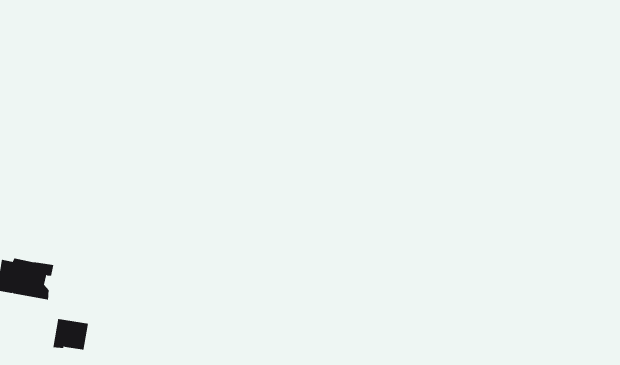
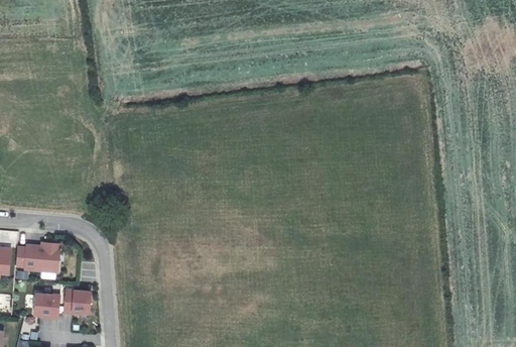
building: none -> [34,294,60,319]

